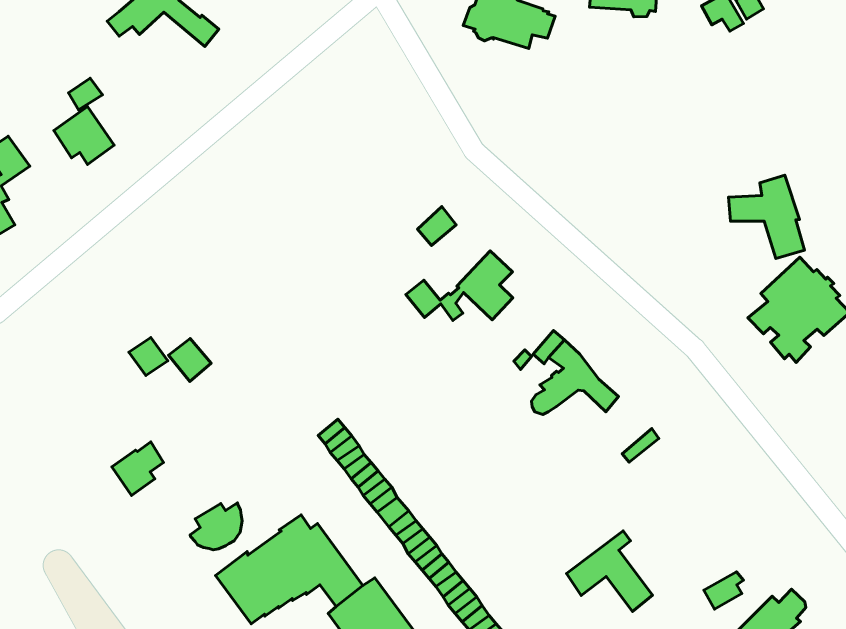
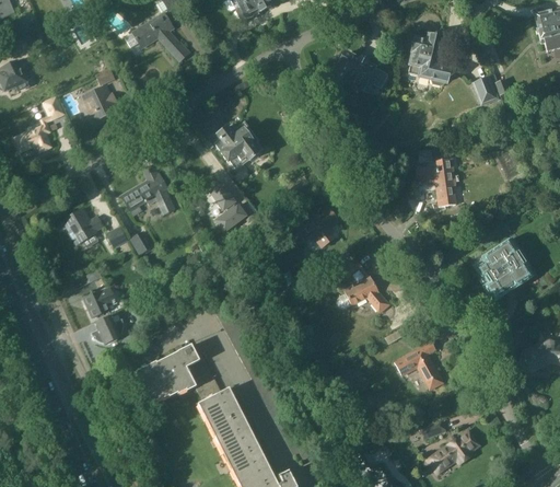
building: none -> [215,126,259,161]
building: [729,175,804,259] -> [416,158,456,206]
building: none -> [121,165,175,214]
building: none -> [210,183,256,231]
building: none -> [63,208,103,244]
building: [190,503,242,550] -> [92,316,124,343]
building: [567,531,652,611] -> [395,341,443,390]

